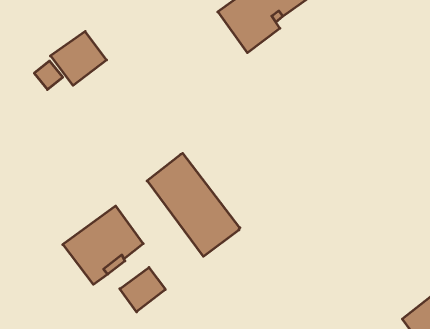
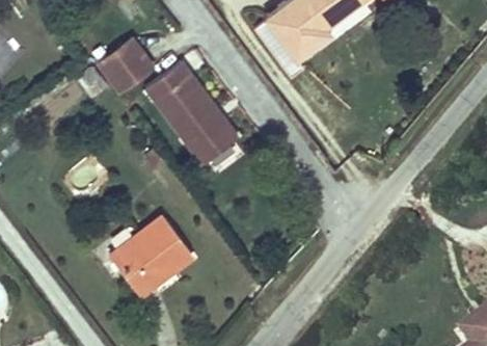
building: [147,153,240,256] -> [145,61,240,166]
building: [120,267,165,312] -> none

